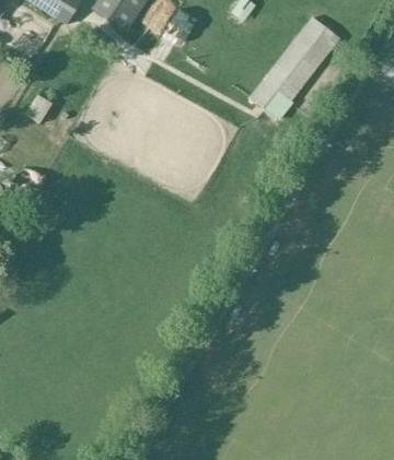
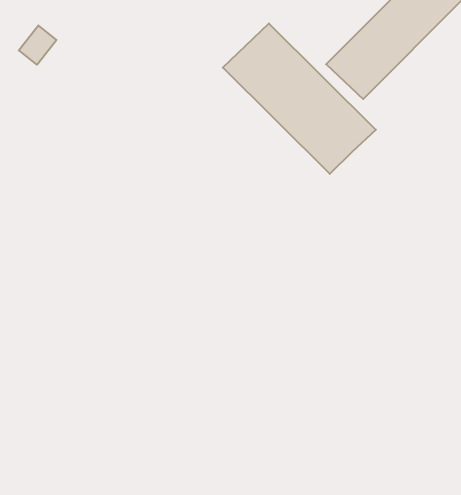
building: none -> [223,23,376,174]

